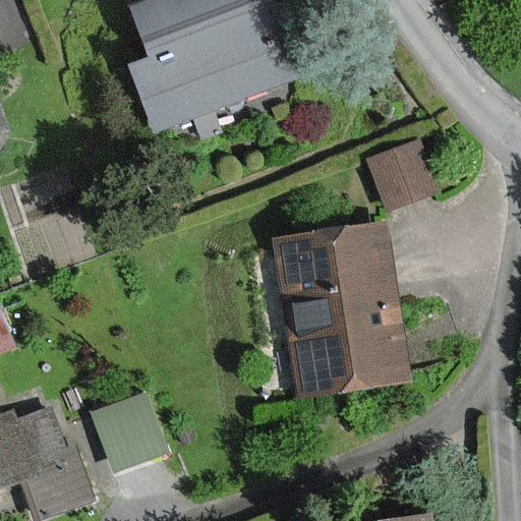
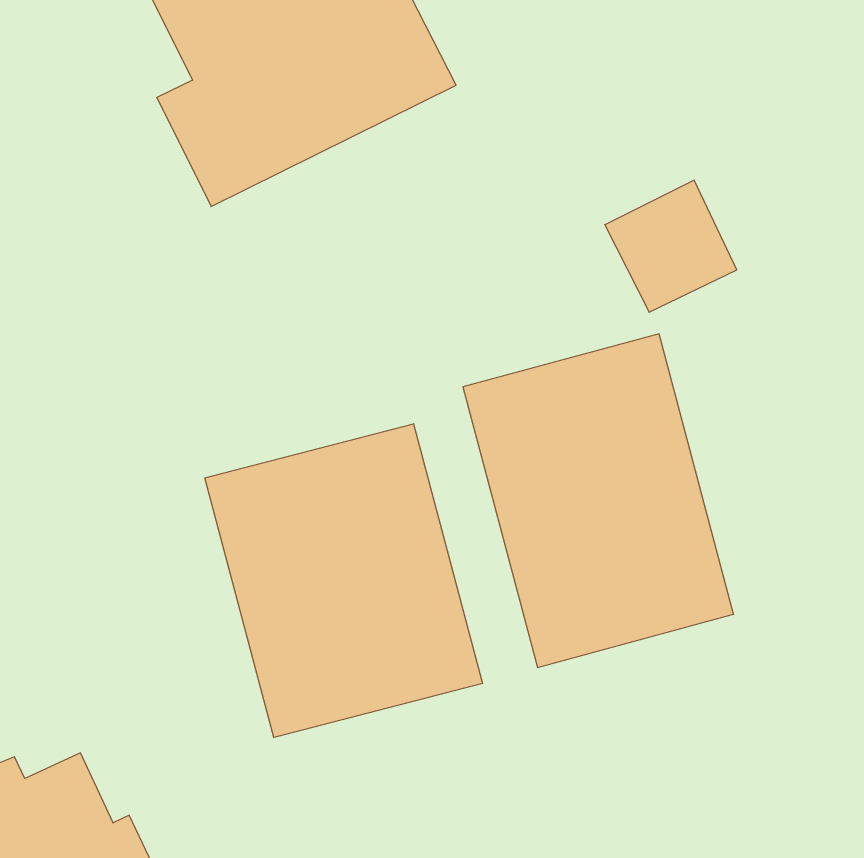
building: none -> [205,424,482,738]
building: [90,396,163,471] -> none

